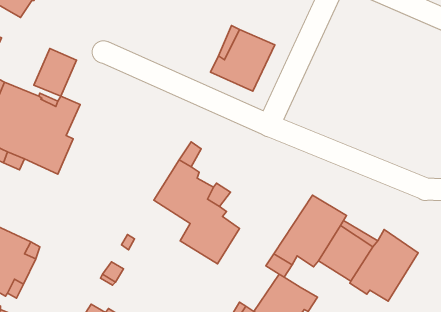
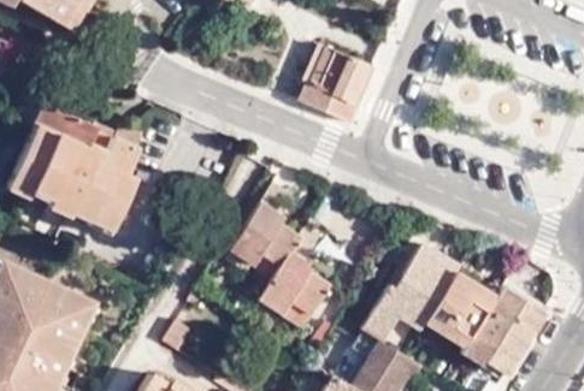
building: [34,48,76,96] -> none

